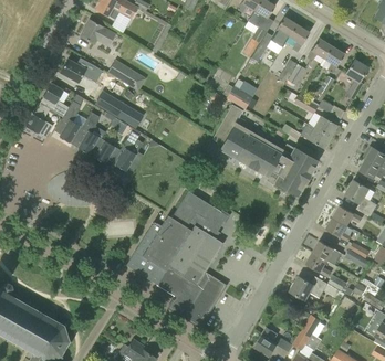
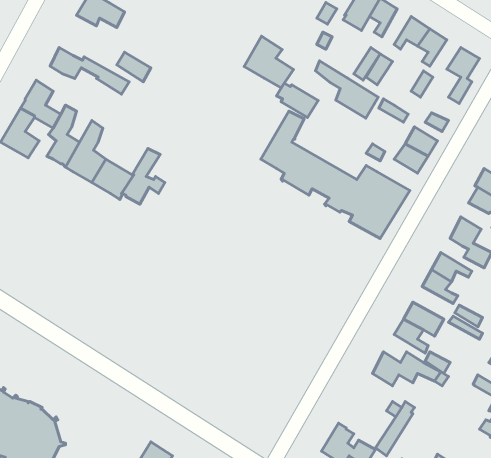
building: none -> [244,36,293,88]
building: none -> [316,61,378,118]
building: [94,91,133,123] -> none
building: [126,191,227,327] -> none

